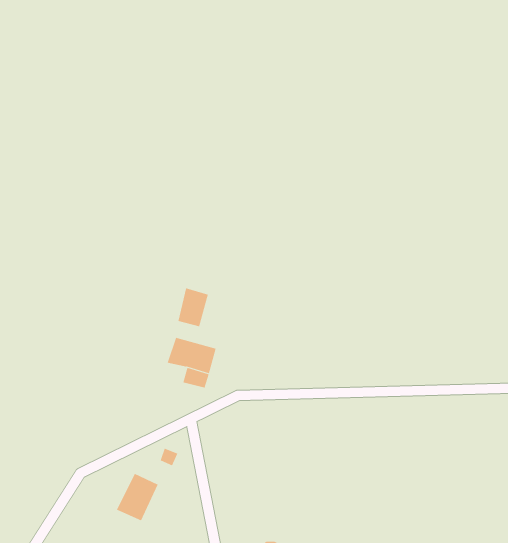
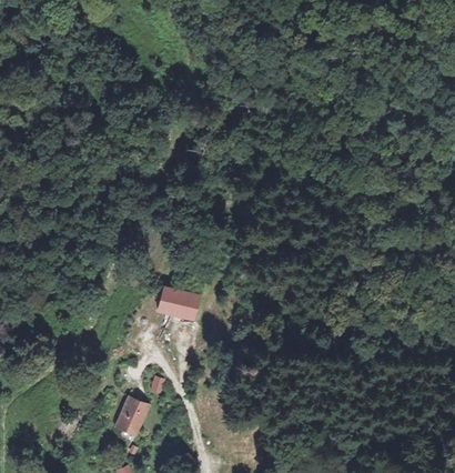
building: [178,288,209,327] -> none

